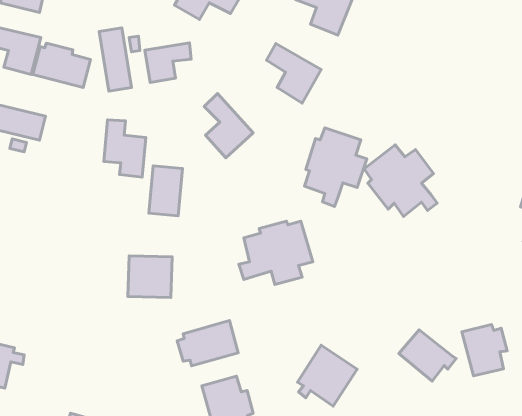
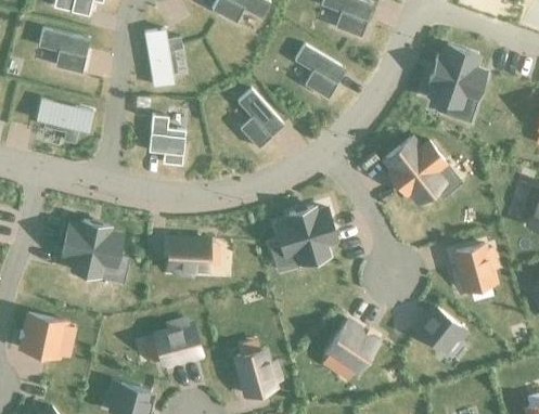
building: [145,43,191,82] -> none
building: [33,43,90,87] -> none
building: [305,128,367,207] -> [429,44,486,116]
building: [149,166,183,216] -> none
building: none -> [61,220,129,276]
building: [177,321,238,366] -> [149,323,204,364]
building: [462,325,507,376] -> [455,244,497,290]

